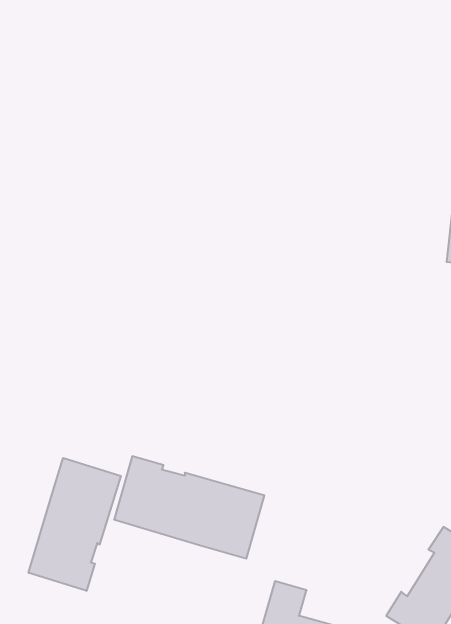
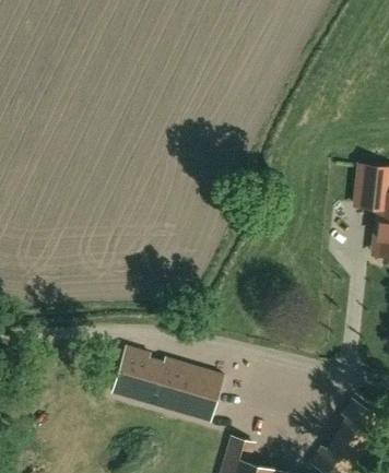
building: [29,458,121,591] -> none

